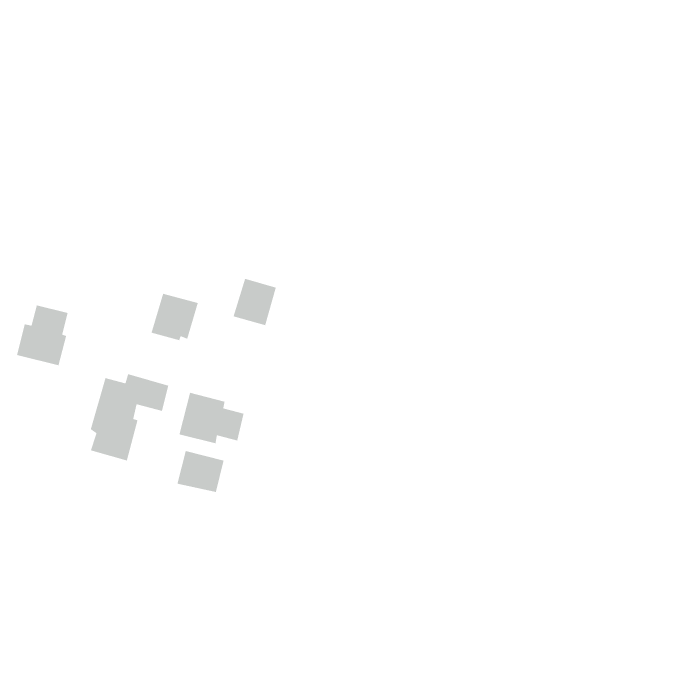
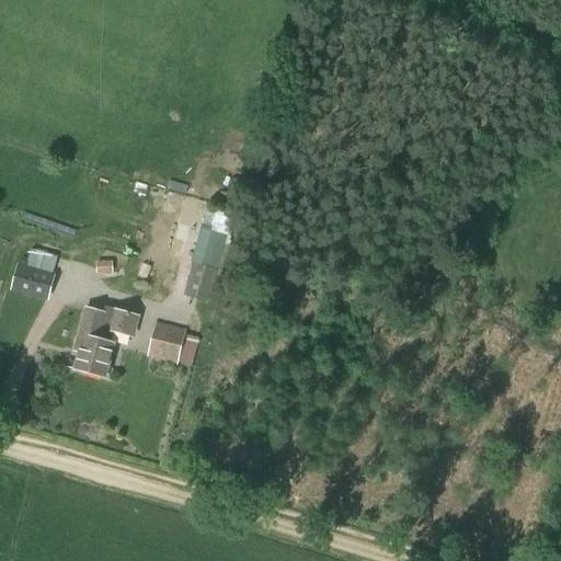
building: [150,293,199,341] -> [182,262,221,301]
building: [176,450,224,493] -> none

